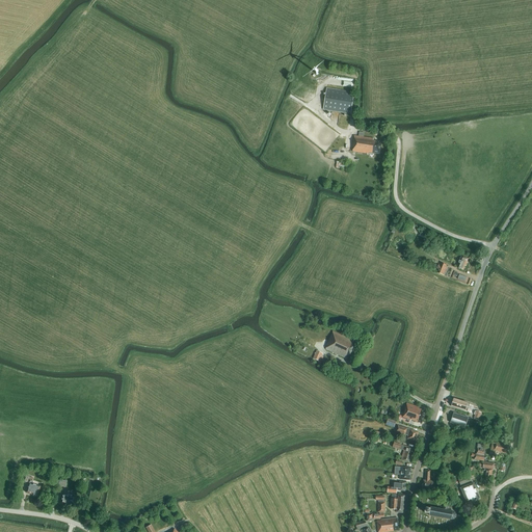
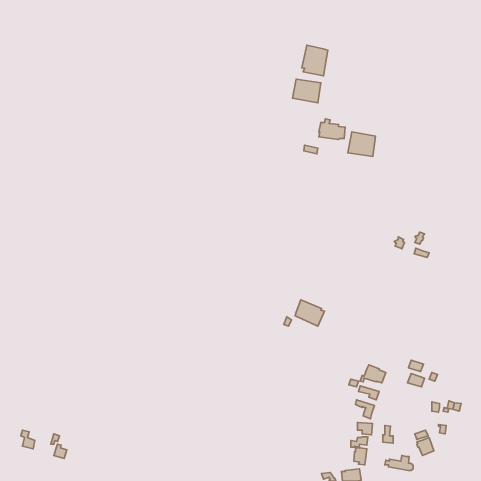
building: none -> [302,45,328,76]
building: none -> [348,132,376,157]

